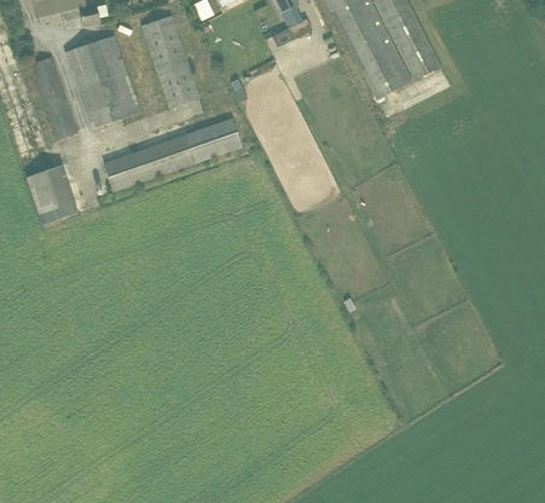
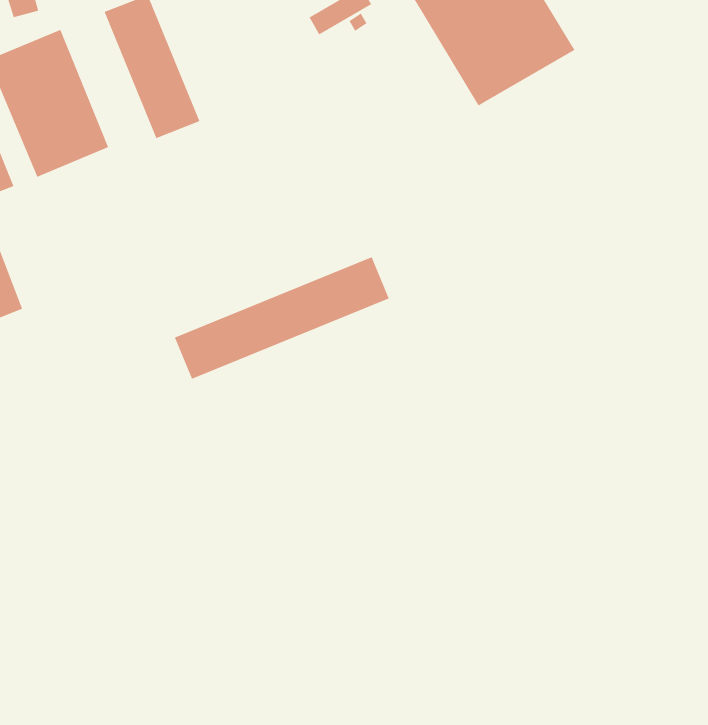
building: [103,117,242,190] -> [174,256,390,380]

